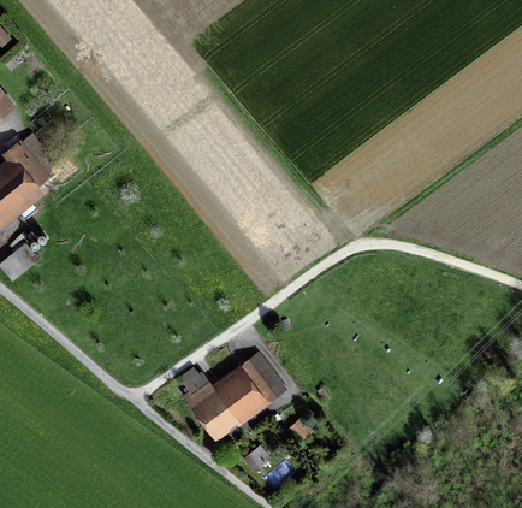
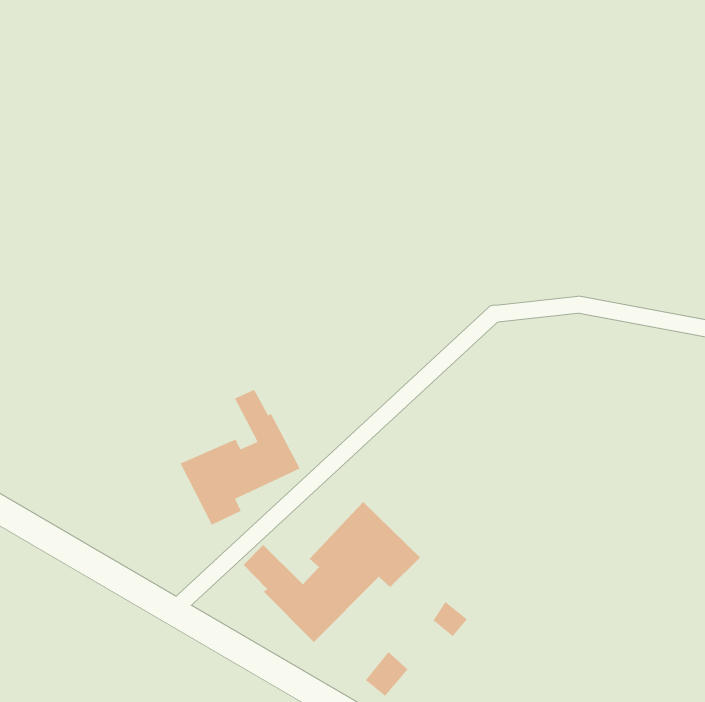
building: none -> [180,389,301,526]

